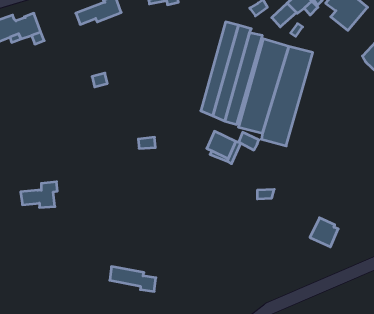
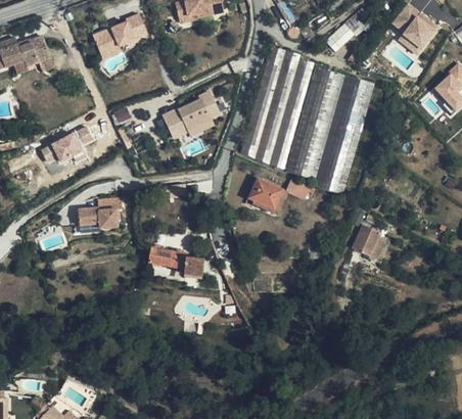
building: none -> [163,90,221,136]
building: none -> [40,125,94,165]
building: [21,182,57,207] -> [79,196,123,227]
building: [310,218,338,247] -> [353,225,386,260]
building: [110,267,156,291] -> [149,246,204,276]

